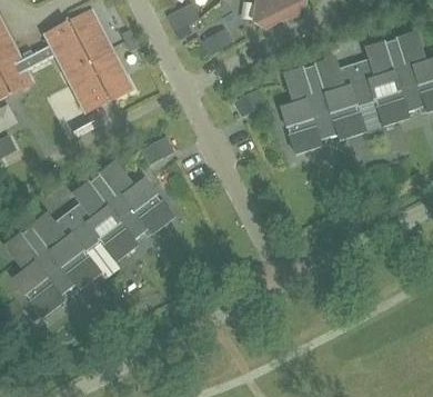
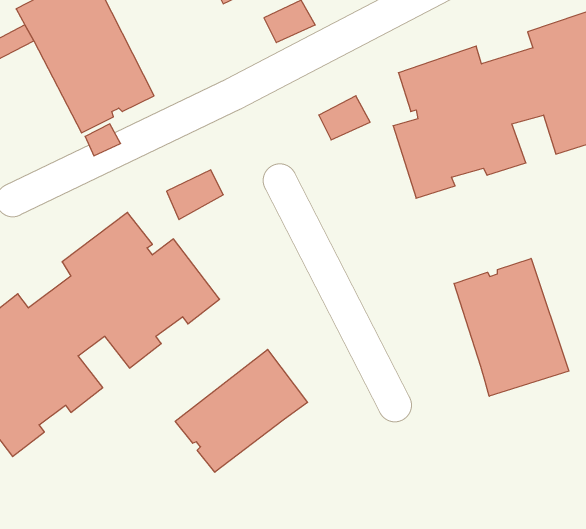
building: none -> [454,258,569,396]
building: none -> [175,349,308,472]

